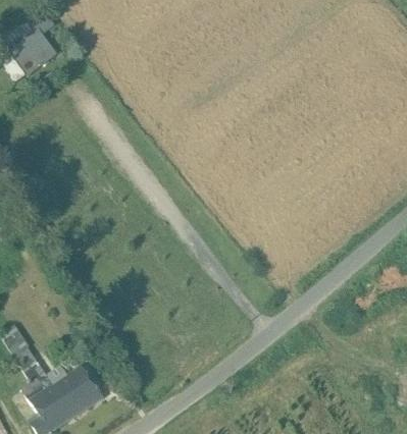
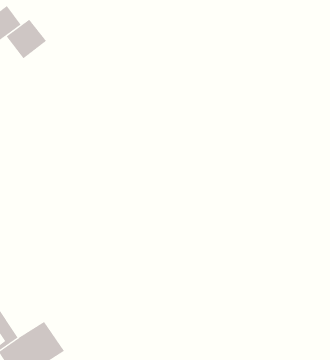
building: none -> [6,19,47,59]

